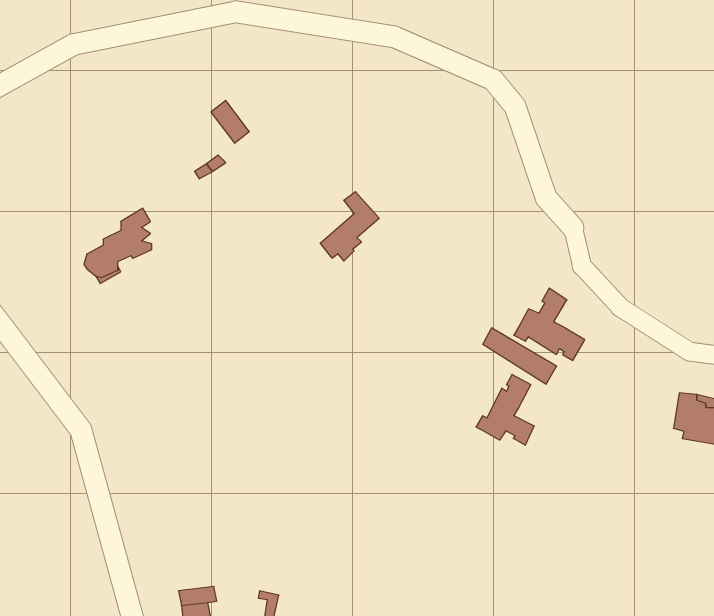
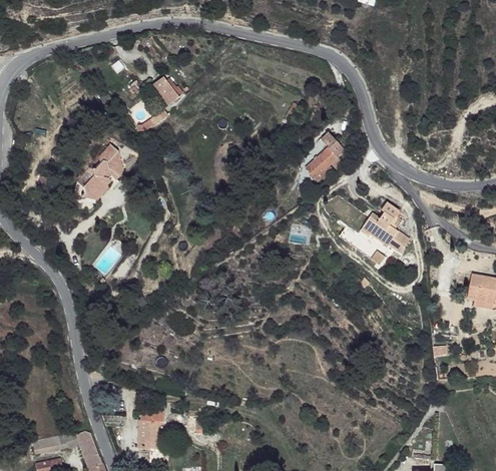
building: [320,192,379,261] -> [310,131,350,178]
building: [476,374,534,445] -> none

